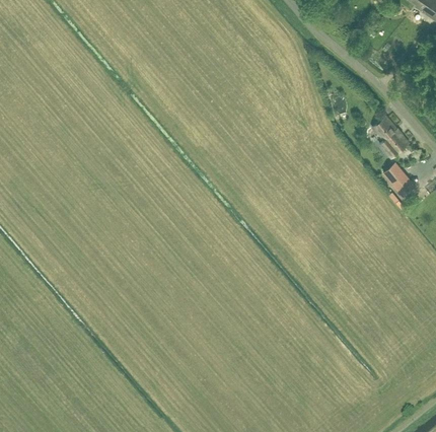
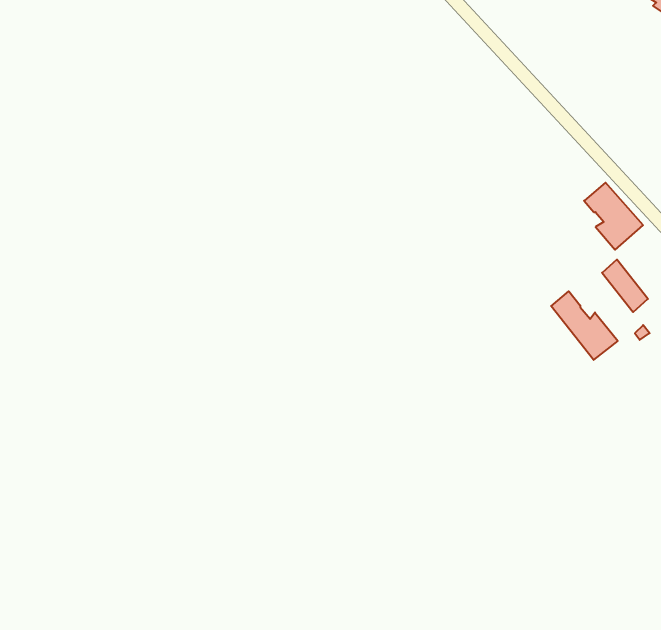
building: none -> [551,291,618,360]

